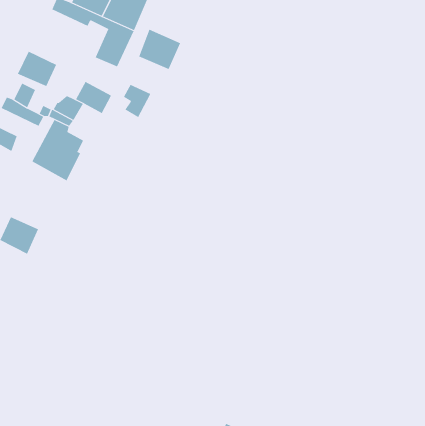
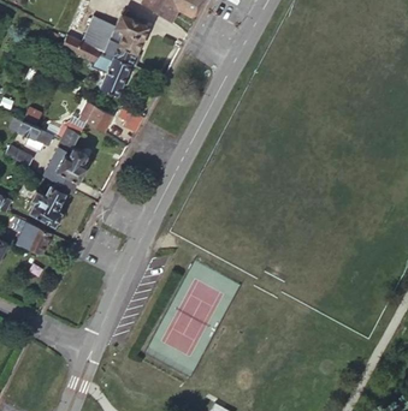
building: [139,29,181,70] -> none
building: [17,51,57,87] -> none
building: none -> [30,186,64,224]

